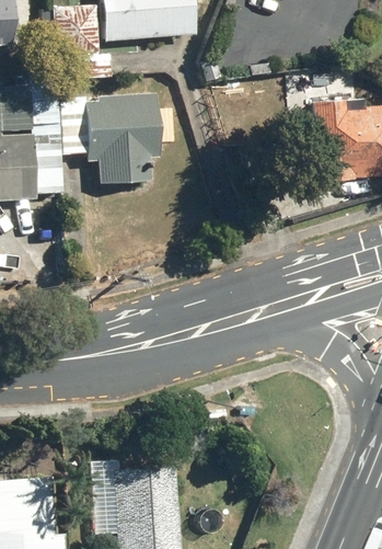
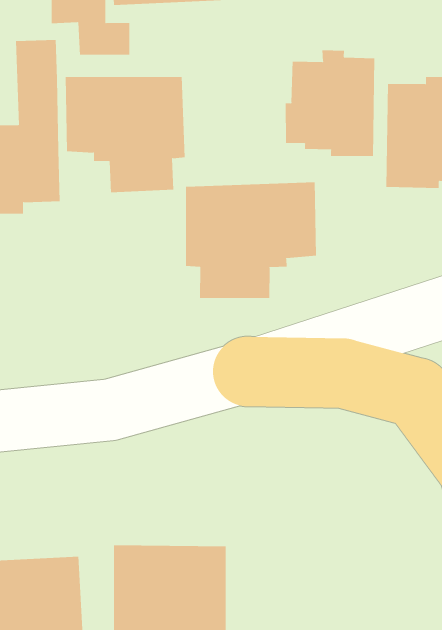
building: none -> [285,49,375,157]
building: none -> [186,181,316,299]

